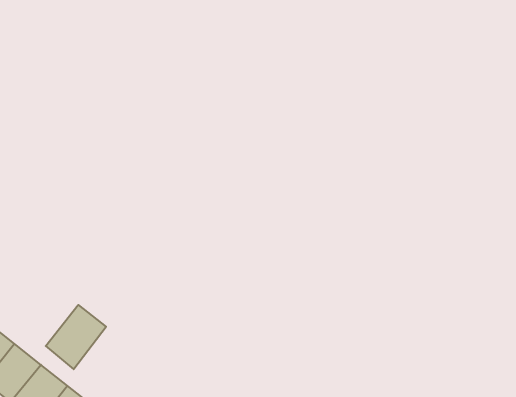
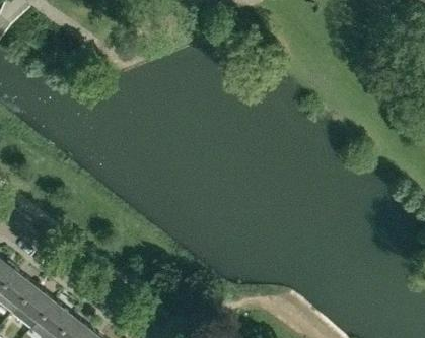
building: [46,305,106,369] -> none

